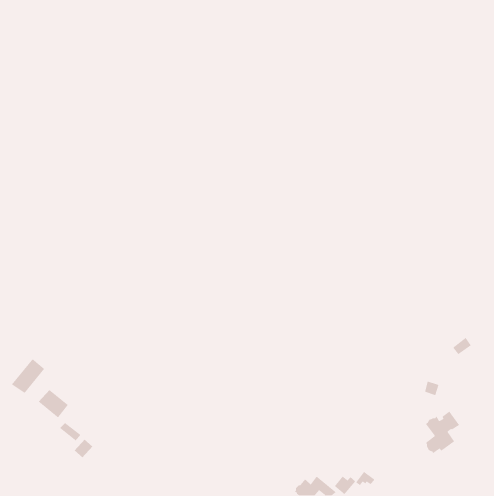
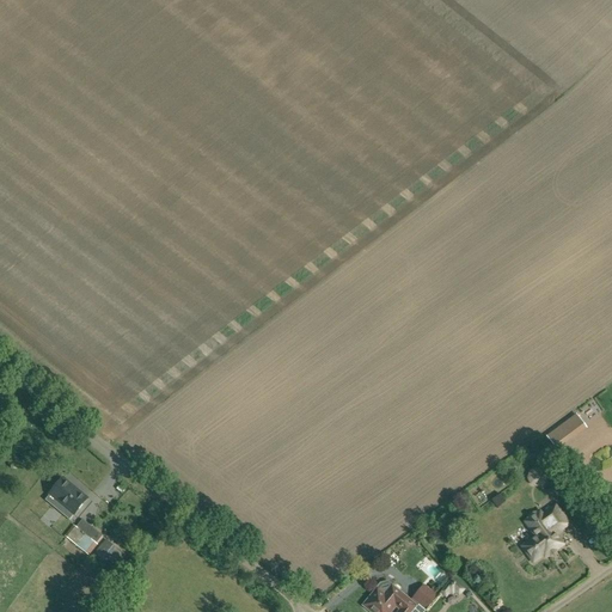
building: [11,358,45,394] -> none

